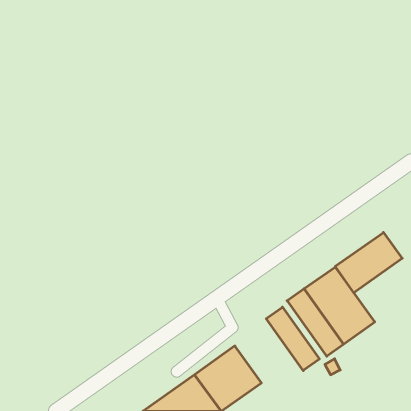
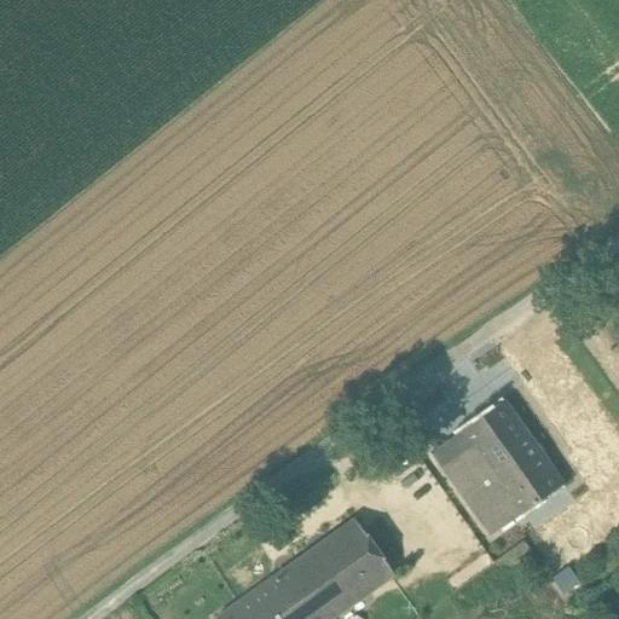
building: [335,232,402,293] -> none
building: [266,307,319,371] -> none

